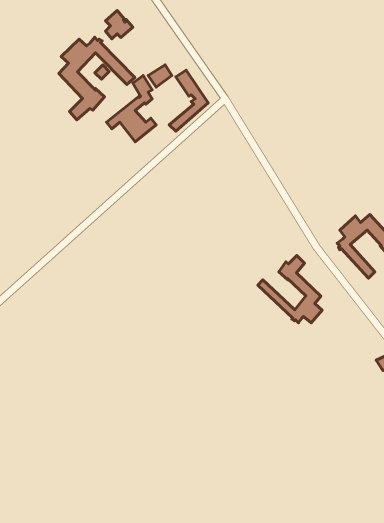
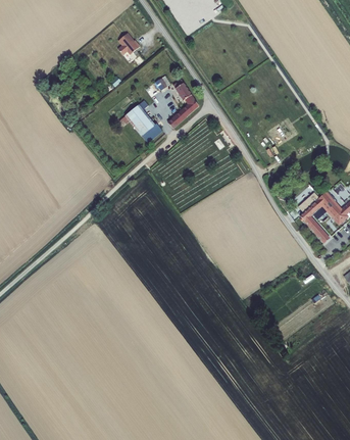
building: [59,37,135,120] -> none
building: [258,255,322,323] -> none

